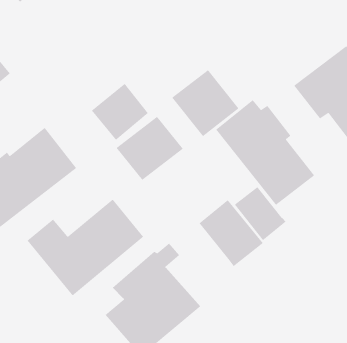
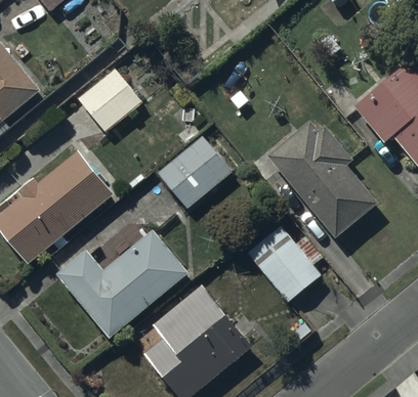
building: [171,69,240,137] -> none
building: [91,83,149,141] -> [77,68,141,132]
building: [234,186,287,241] -> none

